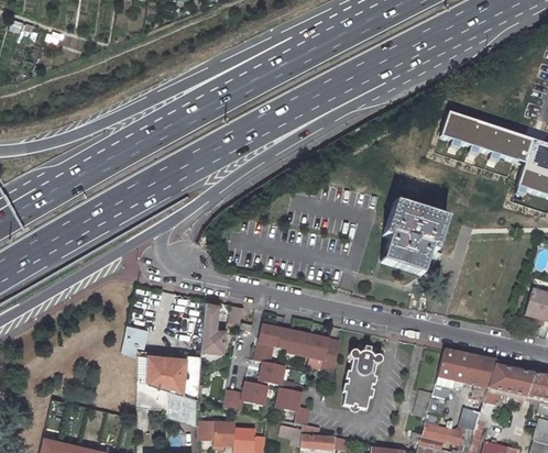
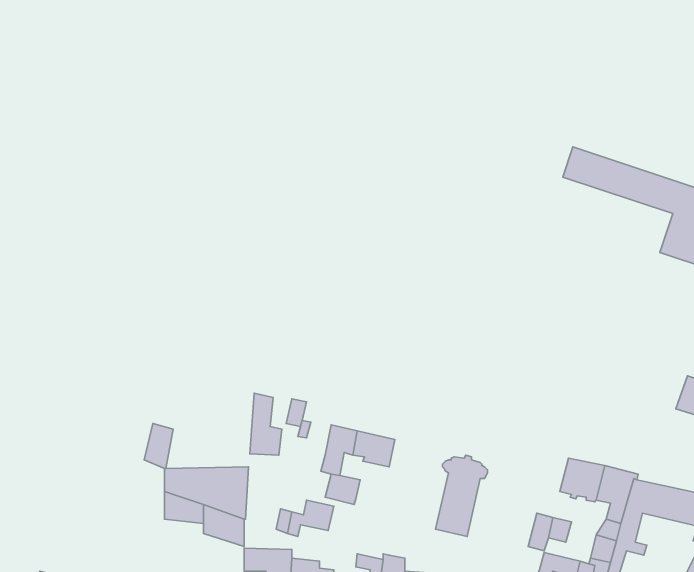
building: [379,203,443,275] -> none
building: [307,336,340,372] -> none
building: [276,382,310,424] -> none

